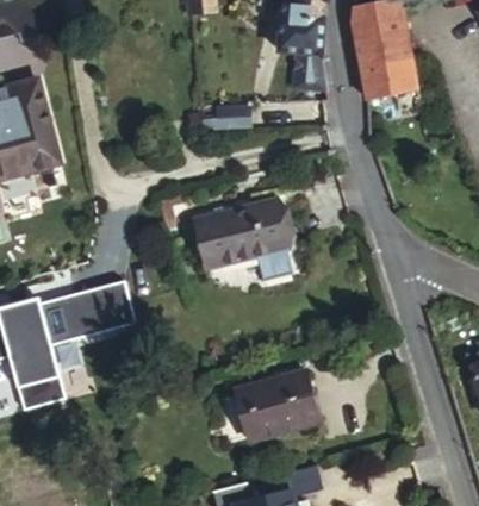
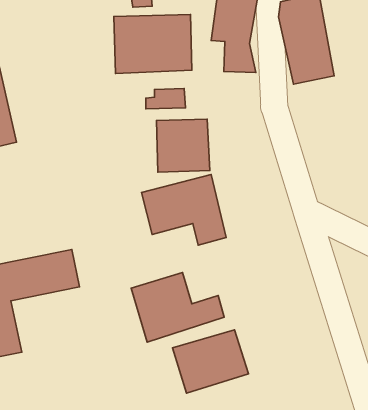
building: none -> [114,15,192,73]
building: none -> [157,119,210,172]
building: none -> [131,272,224,342]

